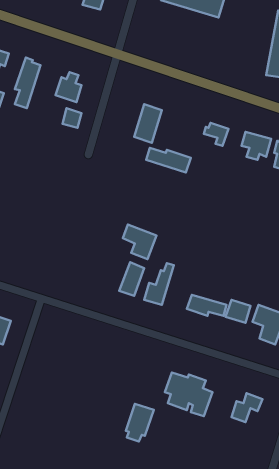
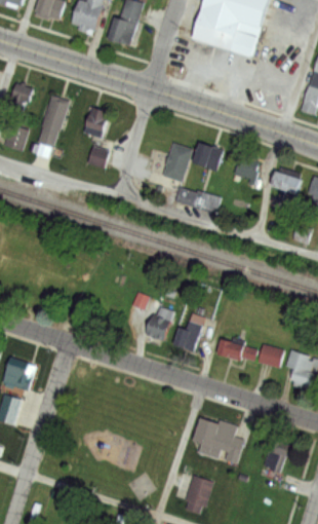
building: none -> [193,143,223,171]
building: [123,225,157,259] -> none
building: [126,404,154,442] -> [184,475,212,514]

